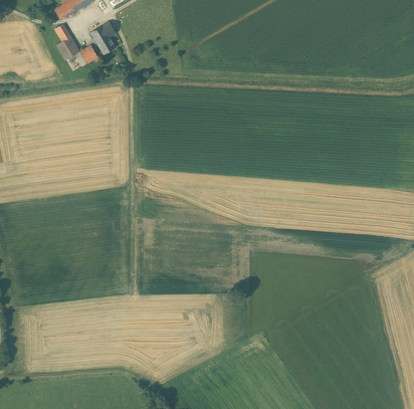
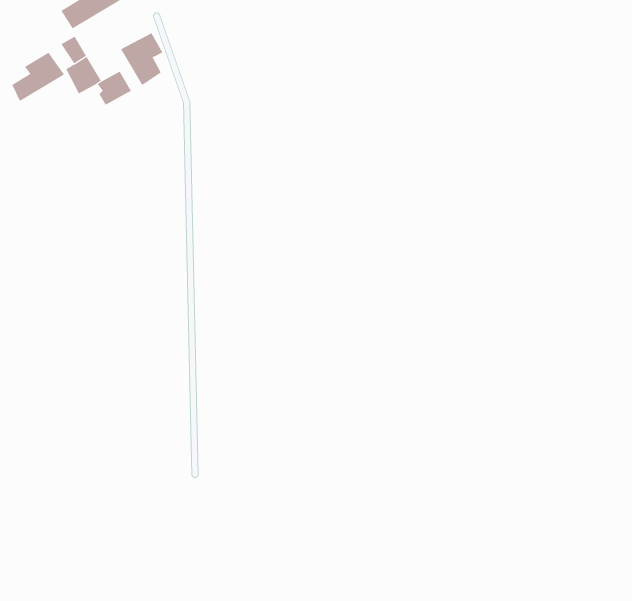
building: none -> [12,52,65,102]

